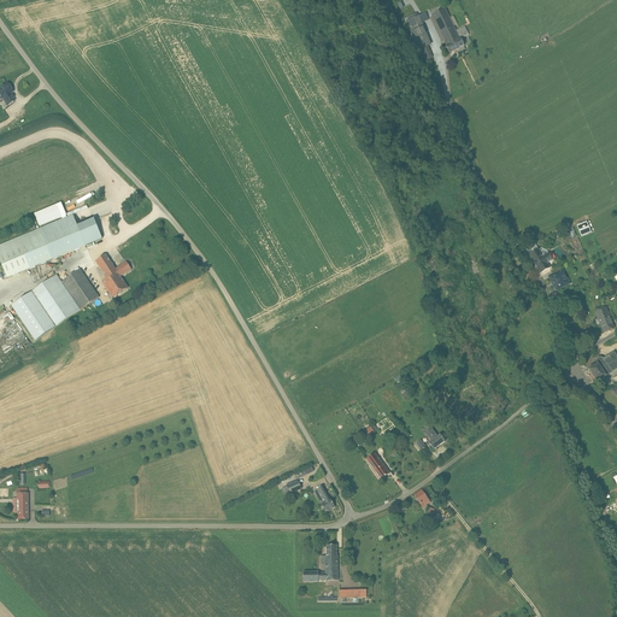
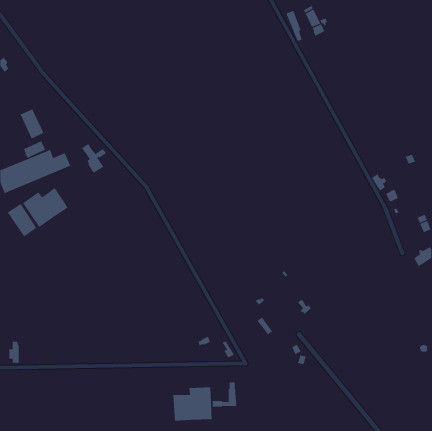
building: none -> [20,108,44,139]
building: [94,252,130,295] -> [81,143,107,174]
building: none -> [173,387,212,422]

